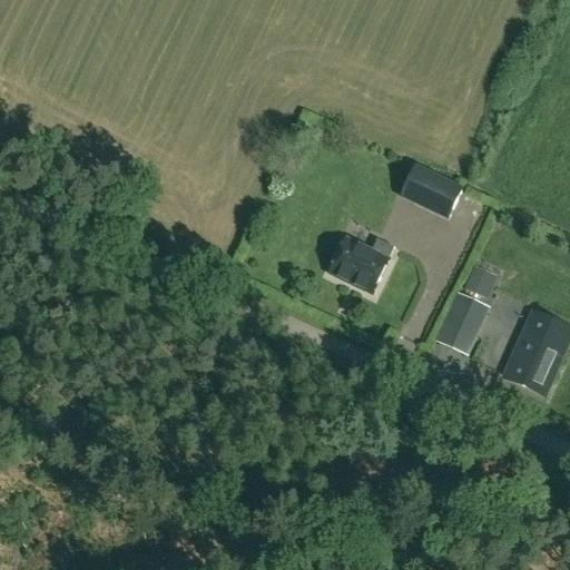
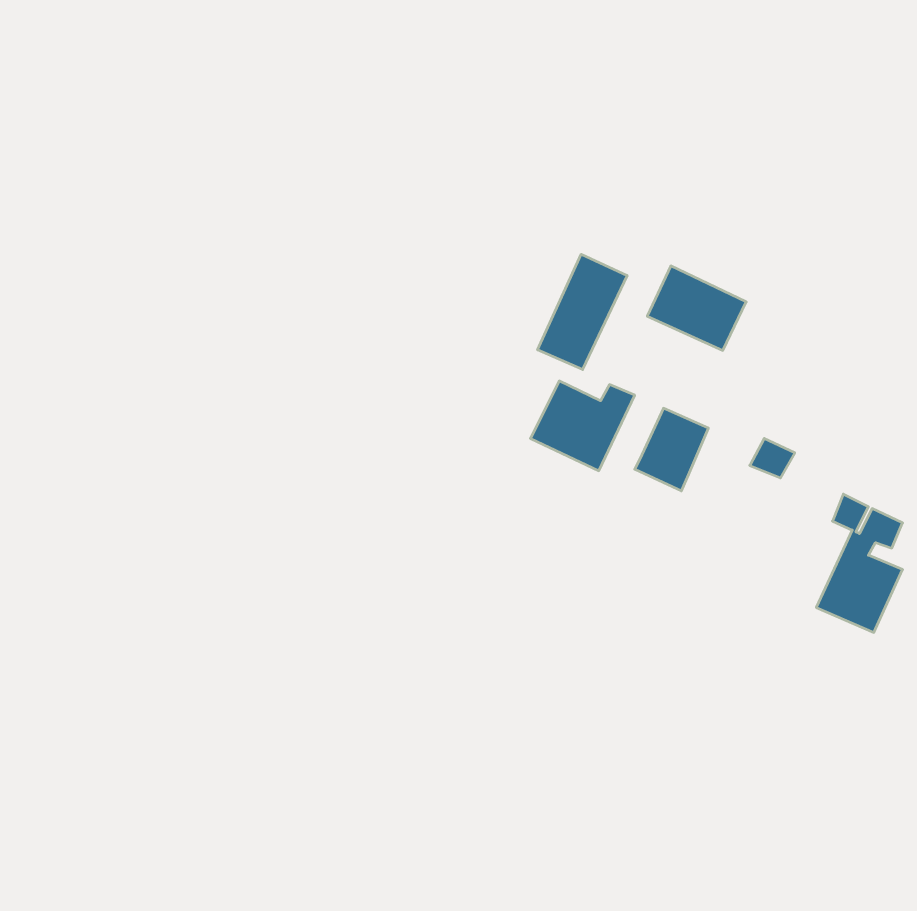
building: none -> [538,254,627,370]
building: [441,293,487,344] -> [635,408,708,491]

